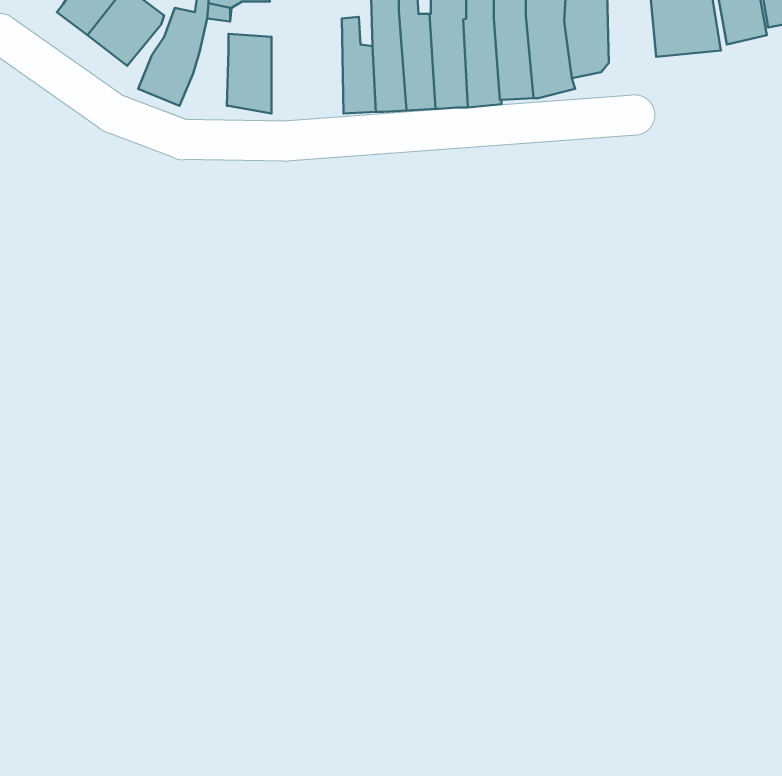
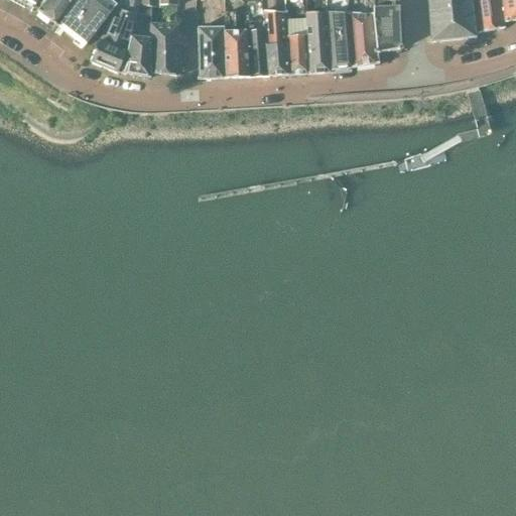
building: none -> [197,25,225,76]
building: none -> [125,32,151,75]

